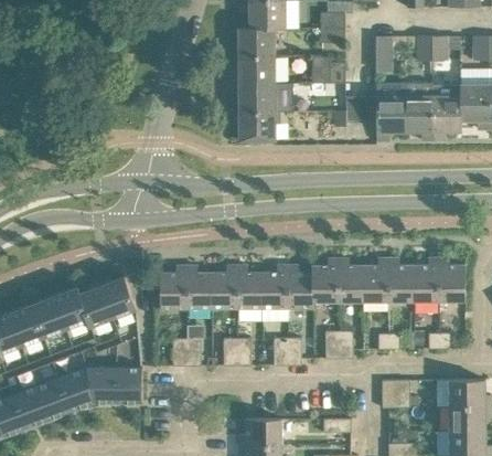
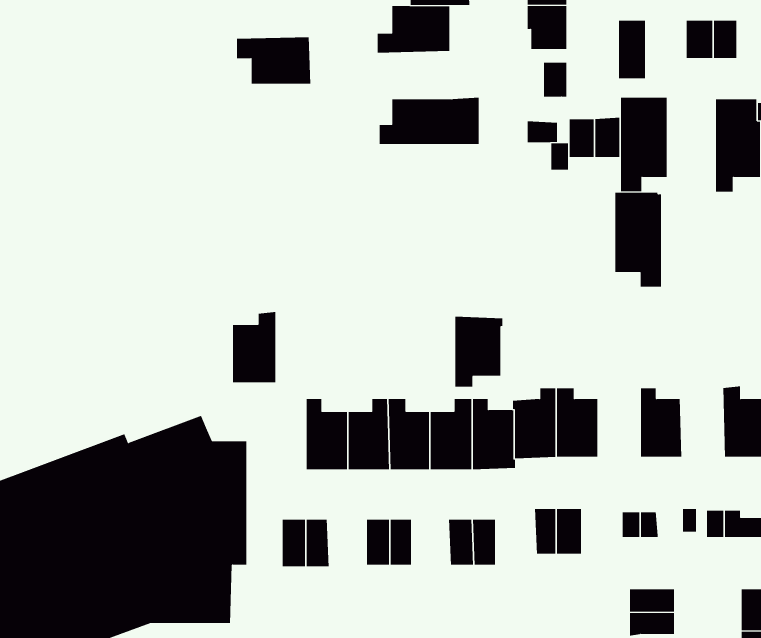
building: [229,55,275,84] -> [236,37,311,84]
building: [405,83,434,140] -> [614,192,662,287]
building: [231,112,275,140] -> none
building: none -> [455,316,503,388]
building: [363,258,388,300] -> none
building: [413,258,439,300] -> none
building: [160,265,186,308] -> [232,312,276,383]

